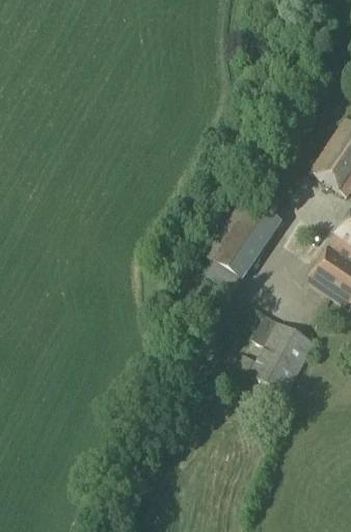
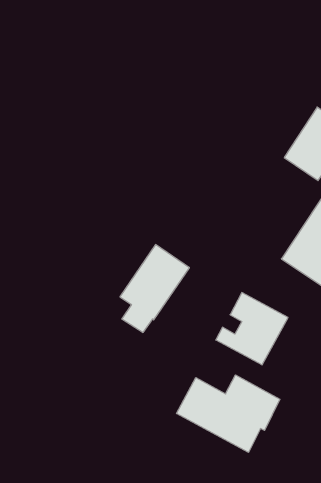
building: [207,197,281,292] -> [120,245,189,332]
building: none -> [177,375,280,452]

